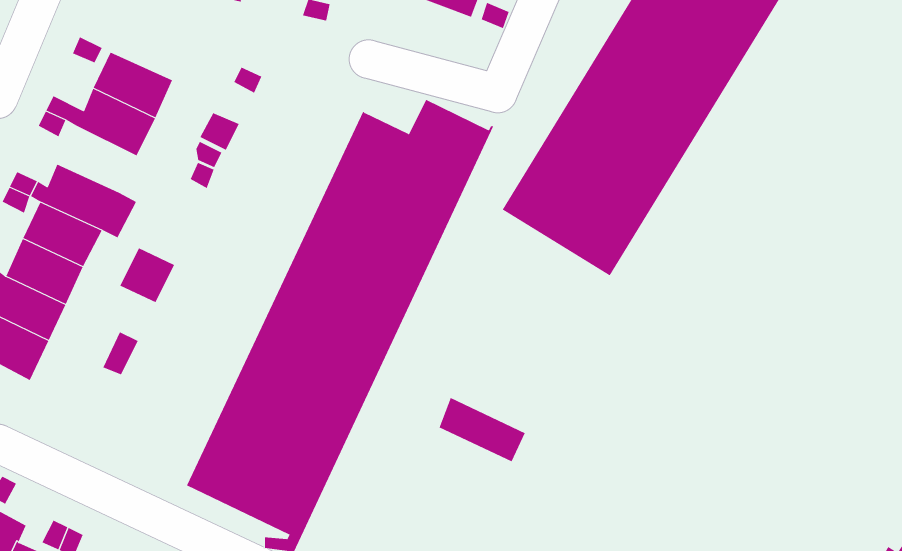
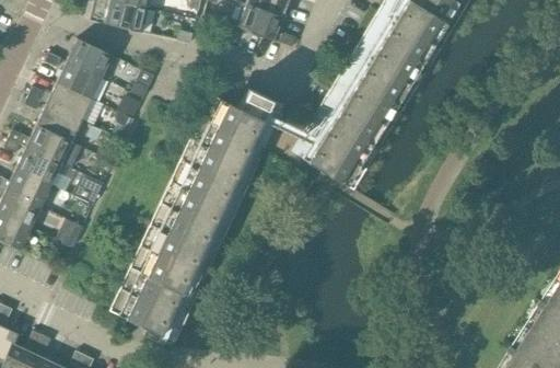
building: none -> [66,37,112,77]
building: none -> [35,103,81,141]
building: [439,397,525,462] -> none

